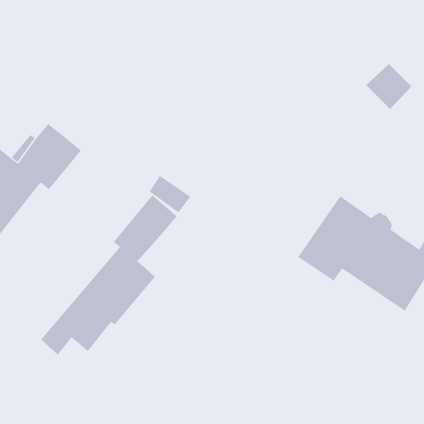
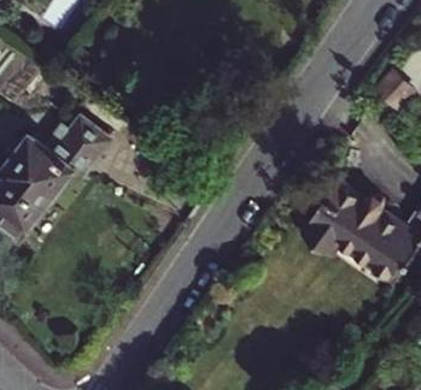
building: [41,194,177,356] -> none

